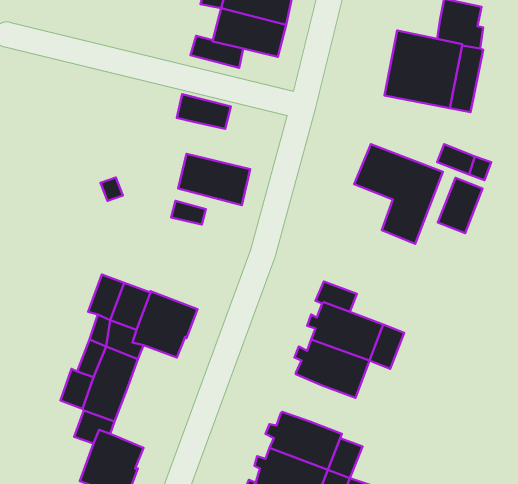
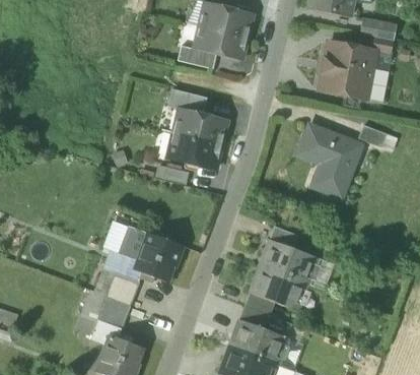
building: none -> [173,108,226,142]
building: [438,178,483,233] -> none
building: none -> [238,291,273,327]

